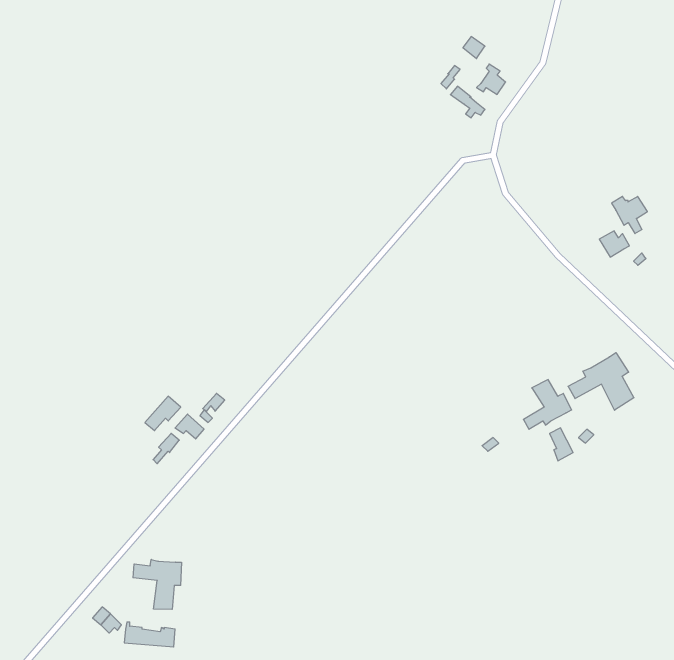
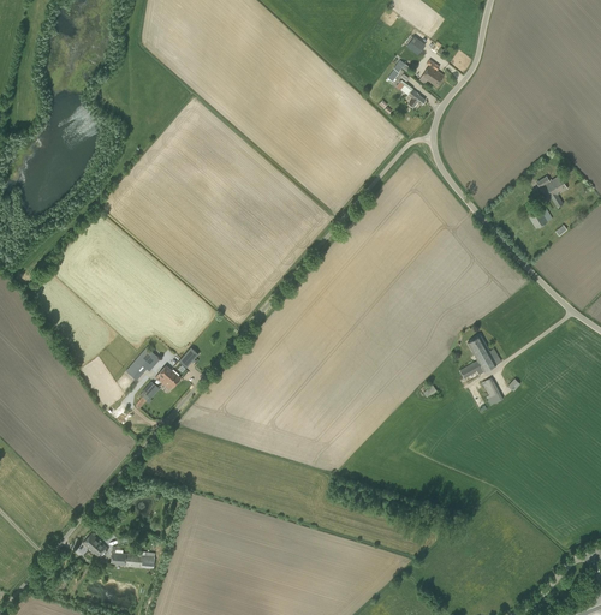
building: [568,353,634,410] -> none
building: [133,559,181,609] -> none

